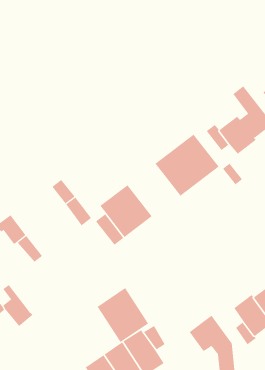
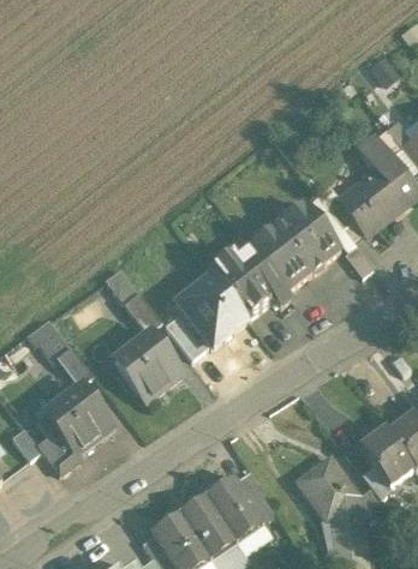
building: none -> [211,245,289,317]
building: none -> [118,335,181,399]
building: none -> [48,388,112,451]
building: [97,287,149,343] -> none

